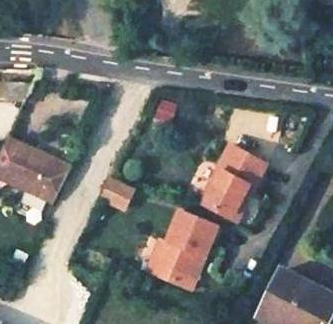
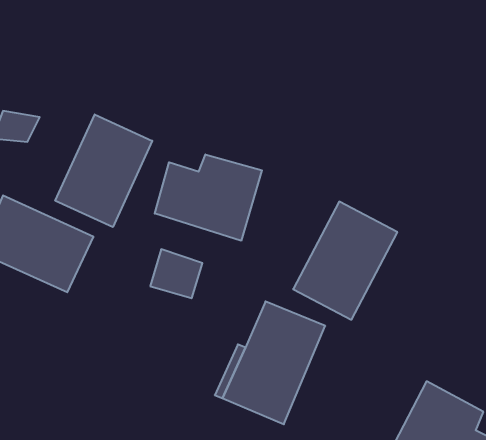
building: none -> [55,114,152,227]
building: none -> [155,154,262,241]

